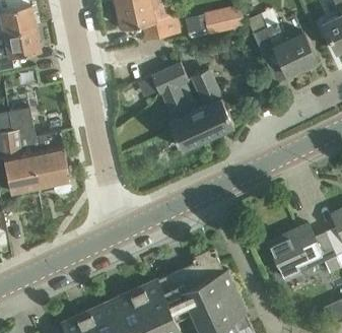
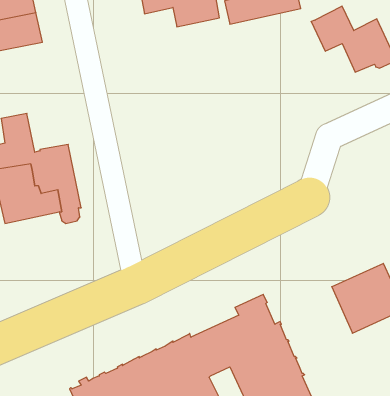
building: [150,63,232,148] -> none

